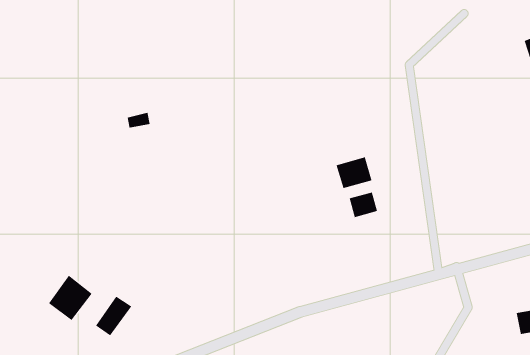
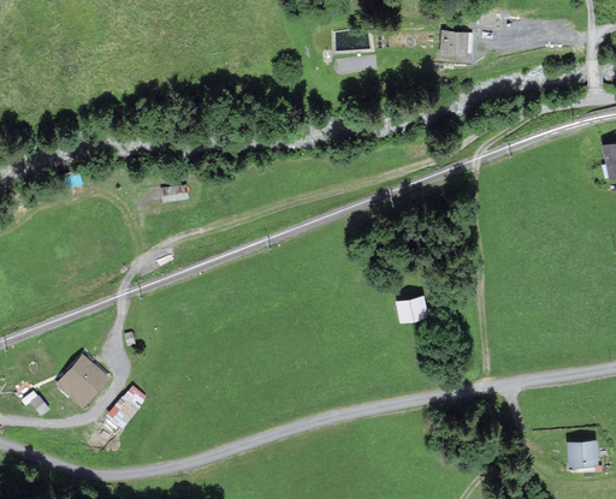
building: [336,157,372,189] -> none

